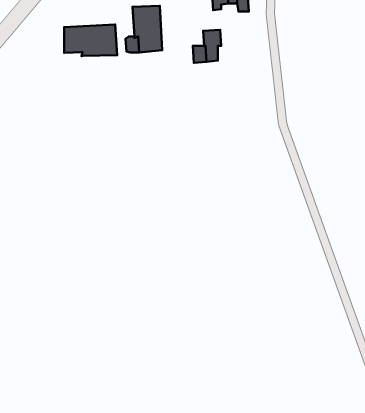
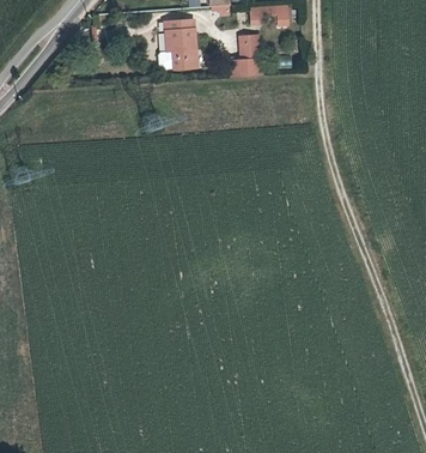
building: [64,25,117,56] -> none

